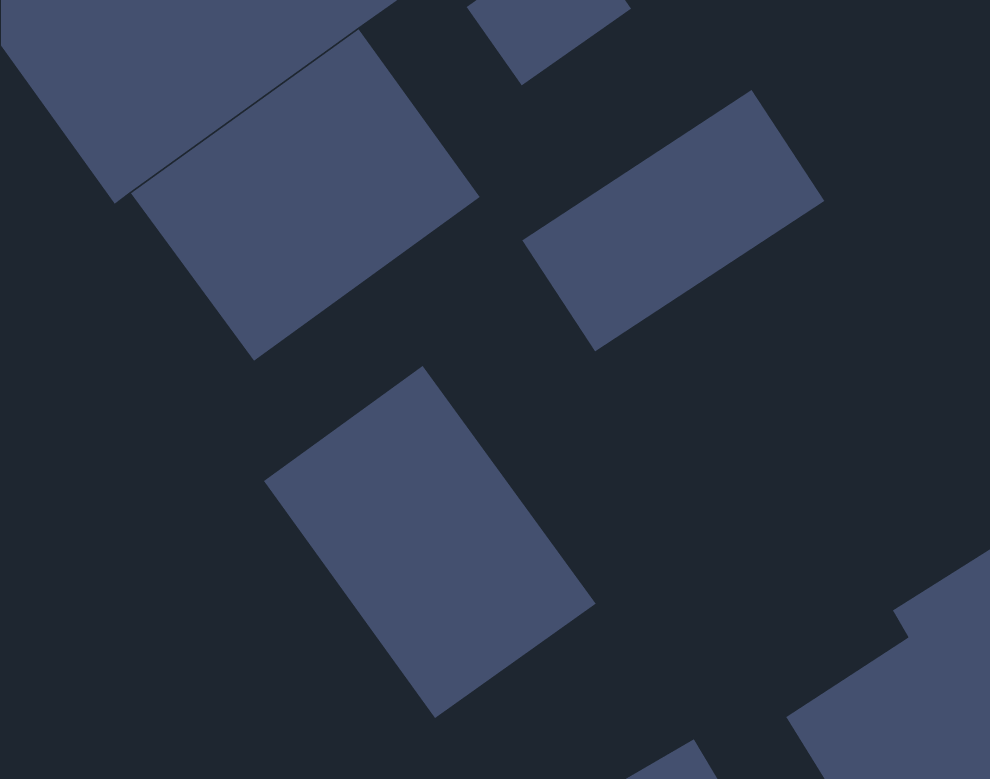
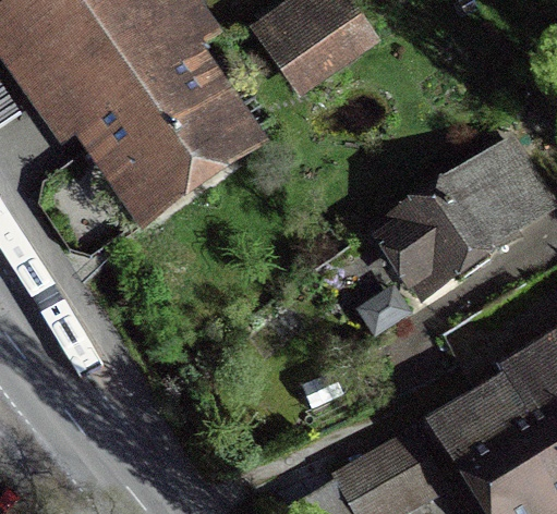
building: [521,89,826,353] -> [375,142,546,290]
building: [263,365,597,719] -> none

